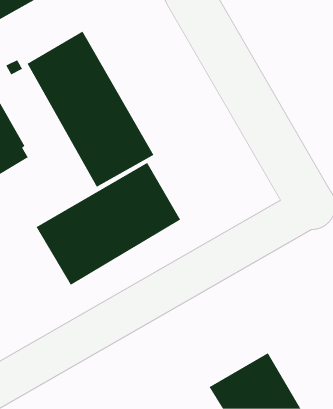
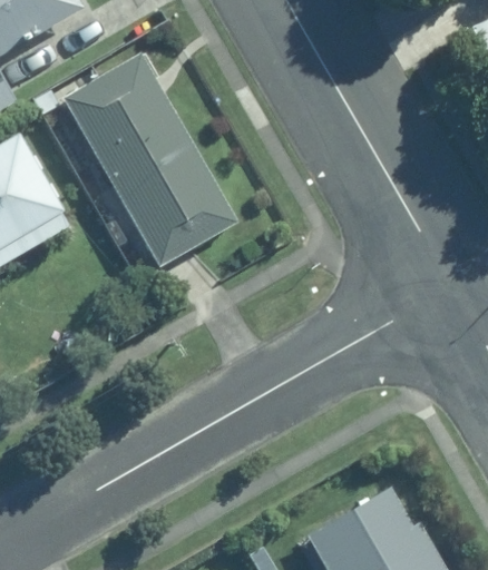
building: [36,162,181,286] -> none

